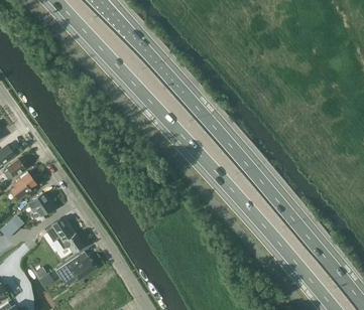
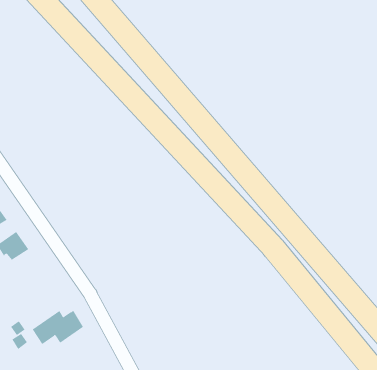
building: [44,217,84,252] -> none

